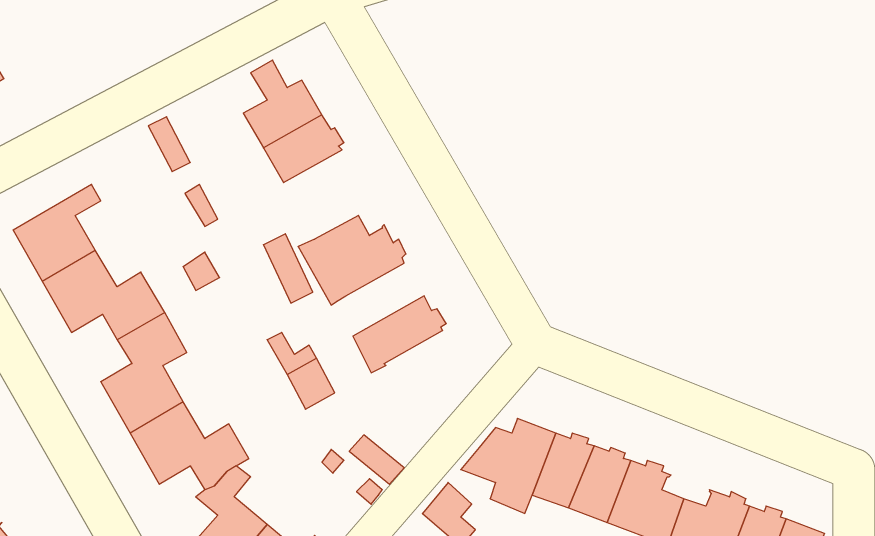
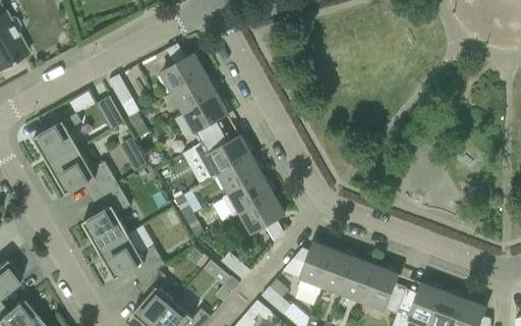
building: none -> [183,93,228,143]
building: none -> [95,96,124,130]
building: none -> [213,156,263,193]
building: none -> [239,194,283,242]

